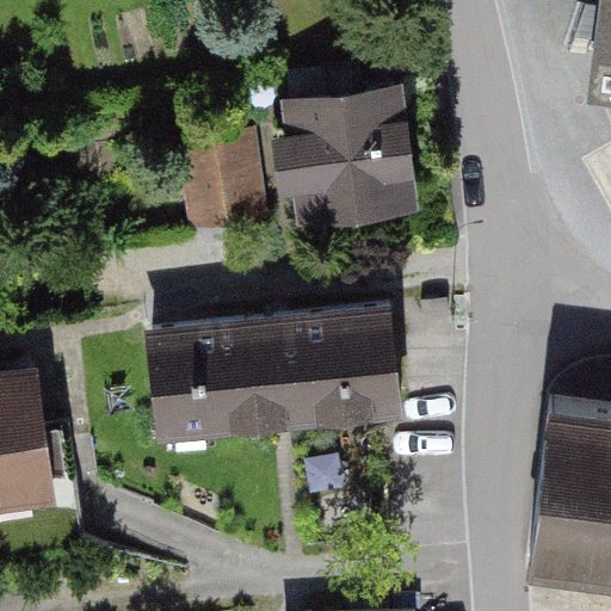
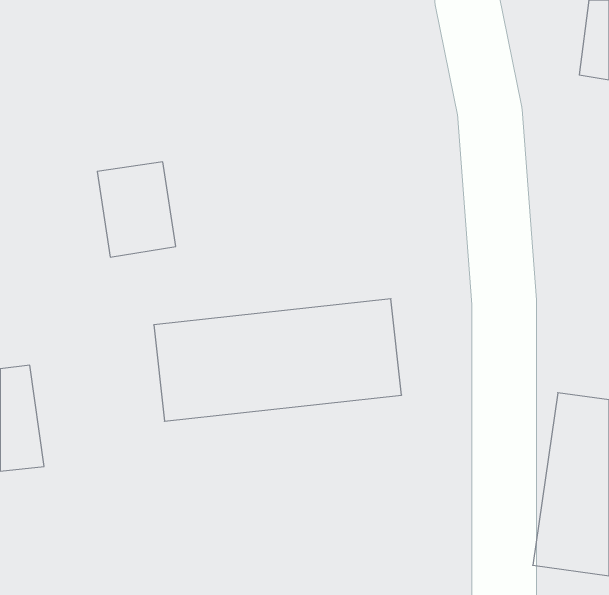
building: [295,72,411,217] -> none
building: [186,138,265,234] -> [97,162,176,257]

